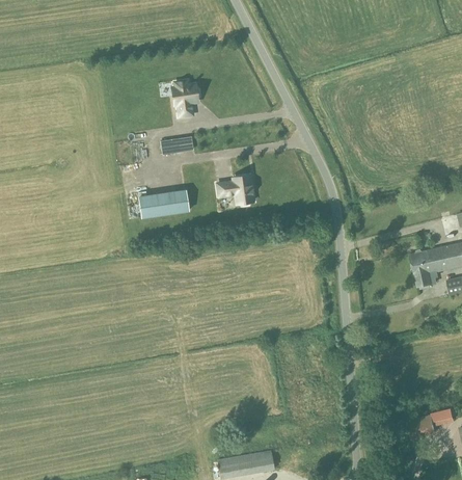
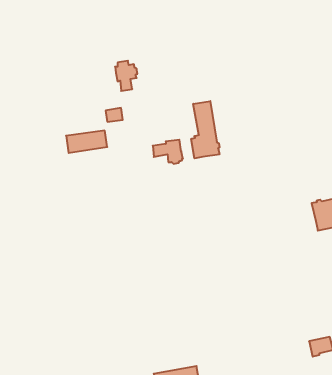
building: none -> [191,101,219,158]
building: [139,190,189,217] -> [66,131,107,153]

